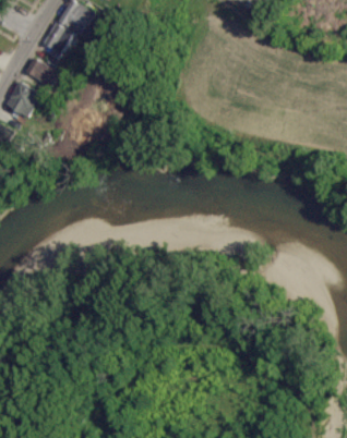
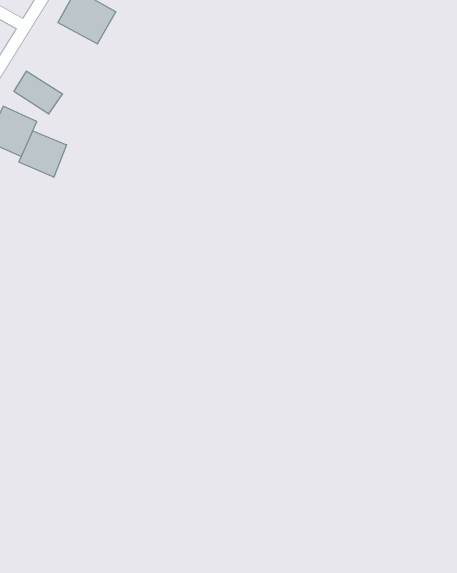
building: [41,22,71,52] -> none
building: none -> [19,131,67,177]

